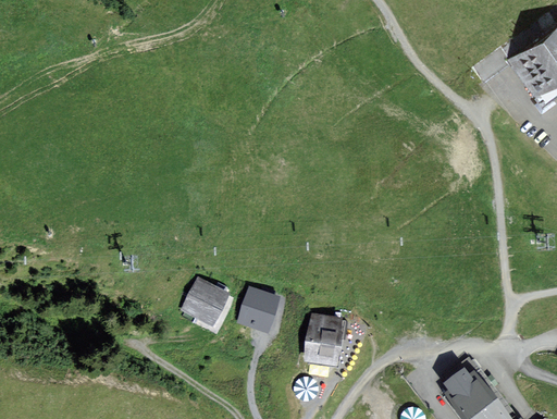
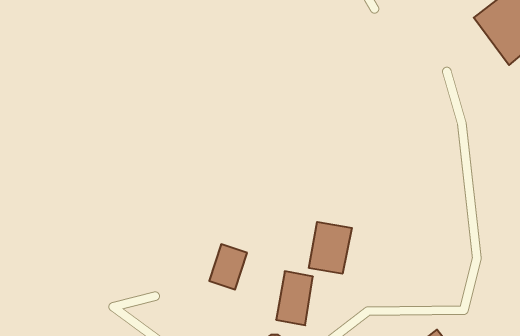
building: none -> [309,222,352,274]
building: [182,278,230,326] -> none

